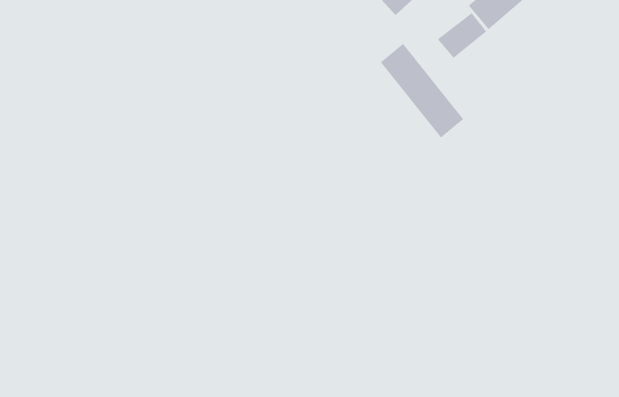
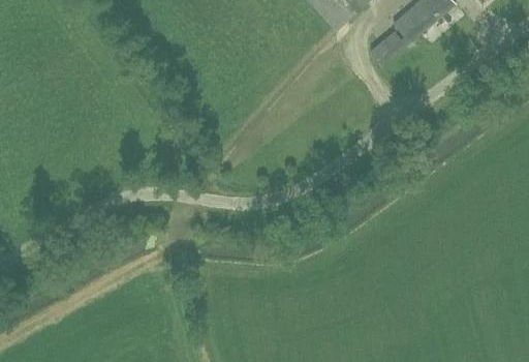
building: [380,43,464,139] -> none

